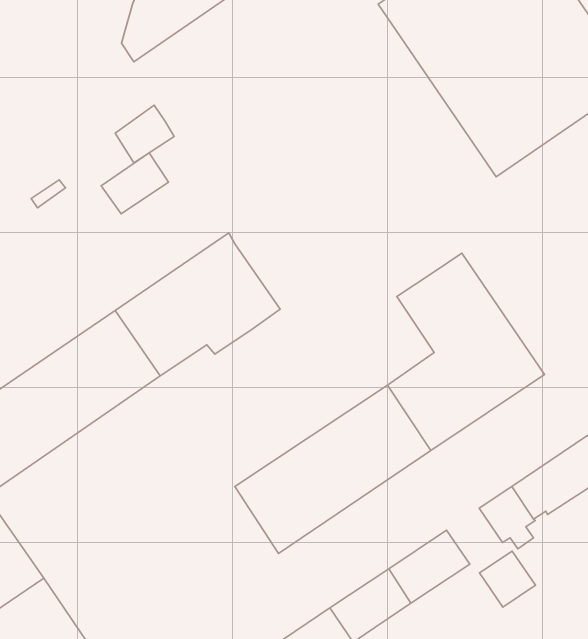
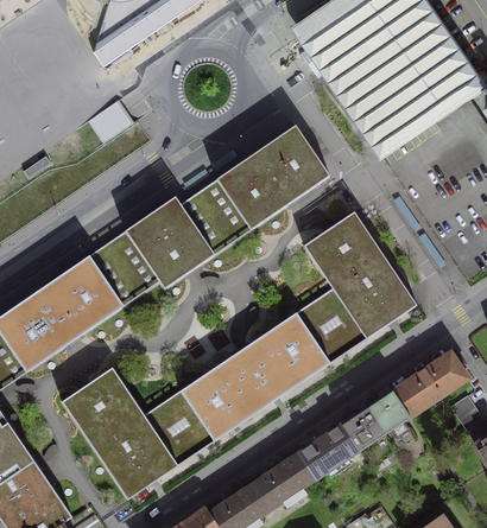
building: none -> [181,127,330,255]
building: [101,153,169,214] -> none
building: none -> [62,368,214,500]
building: [480,551,536,607] -> [342,407,385,450]

